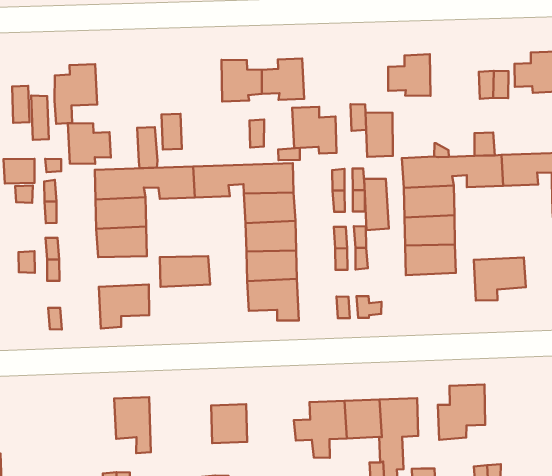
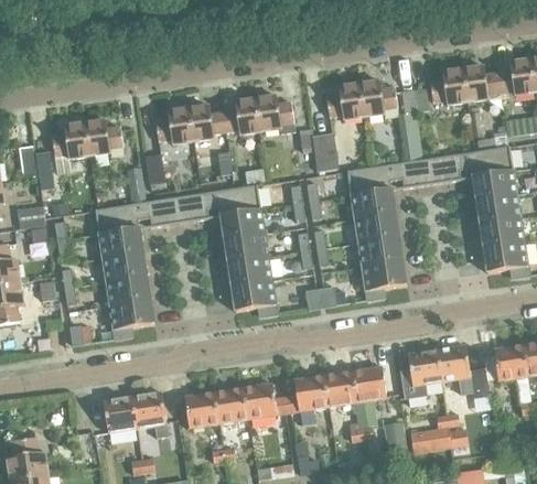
building: none -> [359,78,397,116]
building: none -> [157,106,193,143]
building: [292,107,337,154] -> [255,94,296,132]
building: [68,123,111,164] -> [85,119,123,154]
building: [364,179,389,230] -> none
building: [160,256,210,287] -> [106,275,150,304]
building: [474,258,526,300] -> [361,259,406,299]
building: none -> [436,344,488,398]
building: none -> [104,395,138,432]
building: none -> [241,383,286,418]
building: none -> [184,391,217,427]

